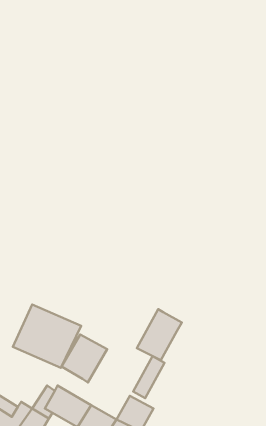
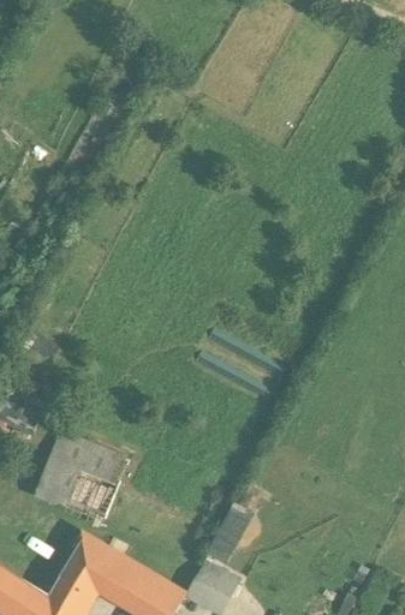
building: [137,309,182,360] -> none
building: [61,335,107,382] -> none

